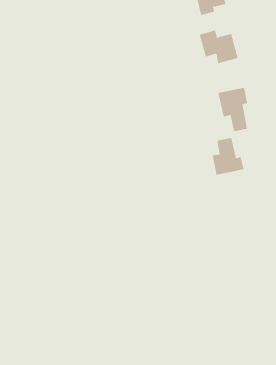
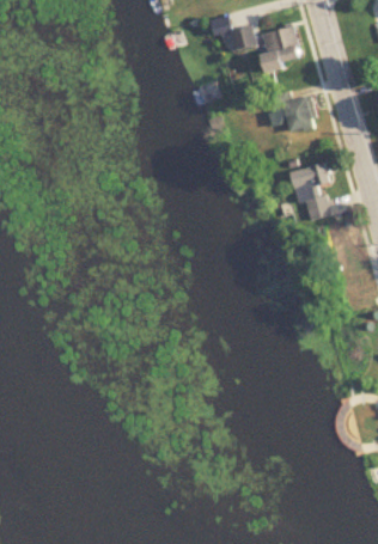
building: [212,137,244,176] -> none

